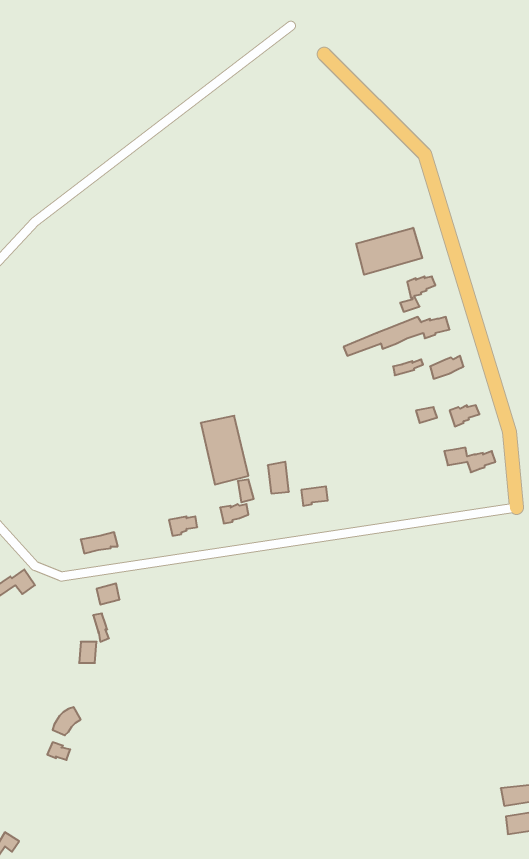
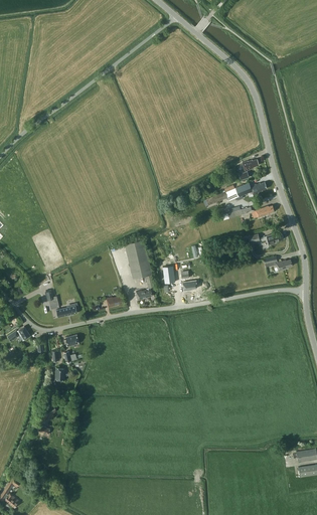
building: [356,228,422,275] -> none

